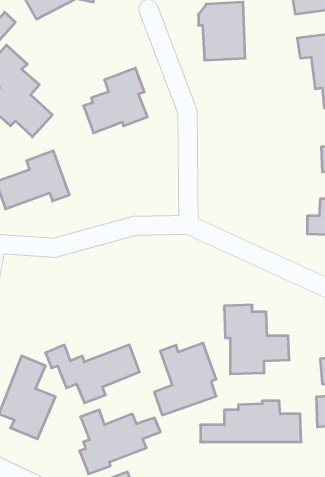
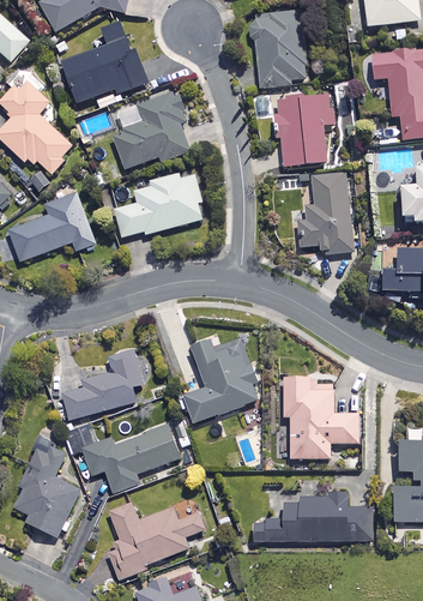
building: none -> [62,22,147,103]
building: none -> [274,95,337,166]
building: none -> [115,172,203,236]
building: none -> [297,173,355,254]
building: none -> [64,349,144,419]
building: [154,343,216,415] -> [183,336,258,422]

